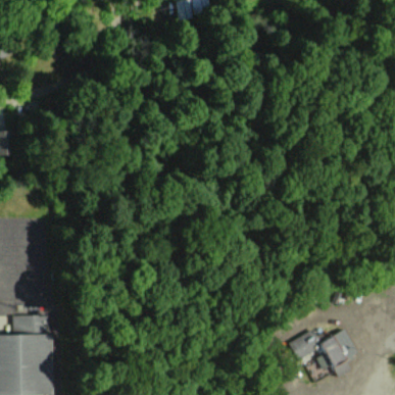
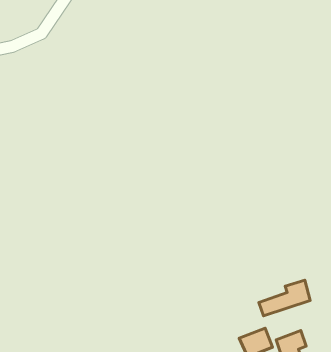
building: none -> [259,280,310,316]

